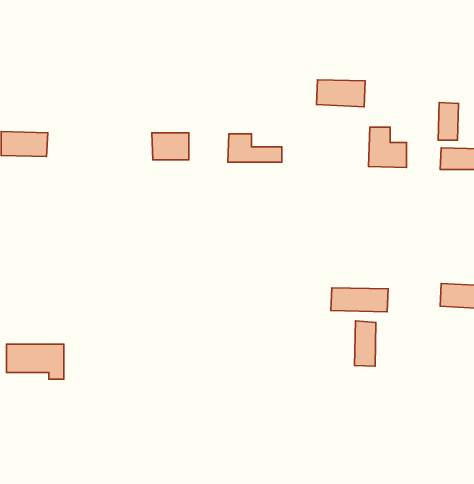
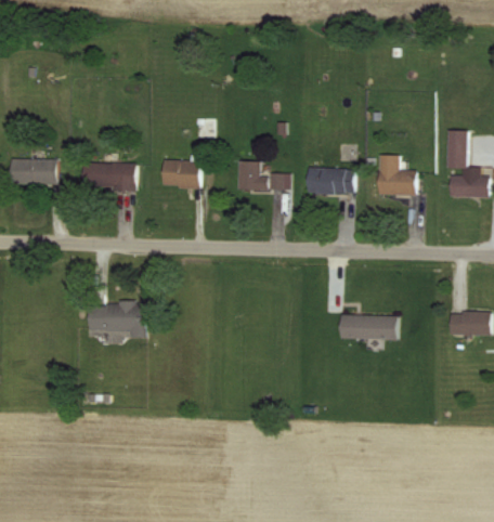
building: [316,80,365,107] -> [306,168,354,195]
building: none -> [80,161,136,191]
building: [355,321,376,366] -> none
building: [7,344,64,379] -> [87,303,144,338]

